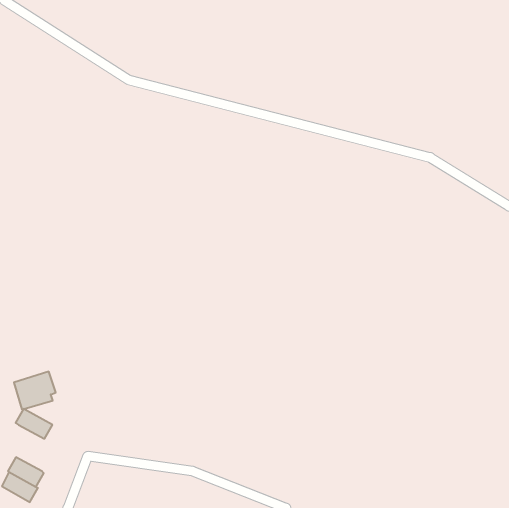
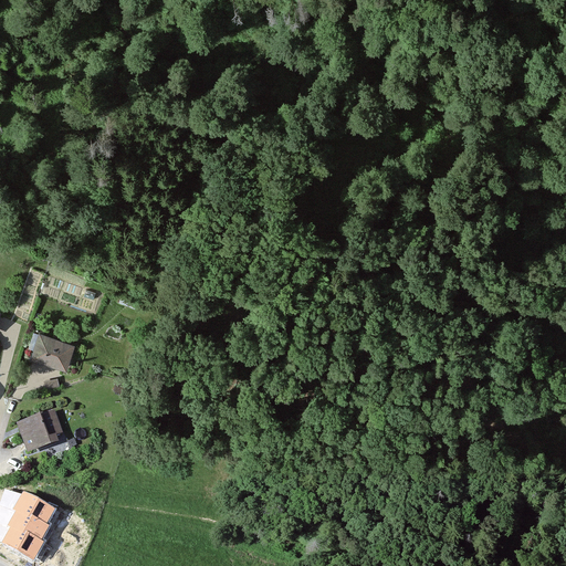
building: none -> [30,332,74,369]
building: [16,409,52,439] -> [14,490,55,523]

